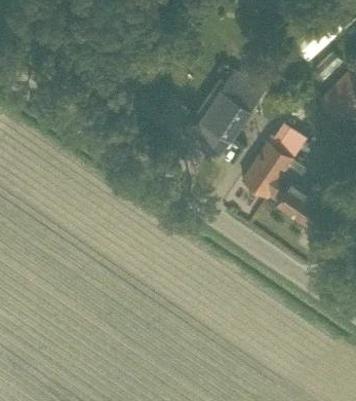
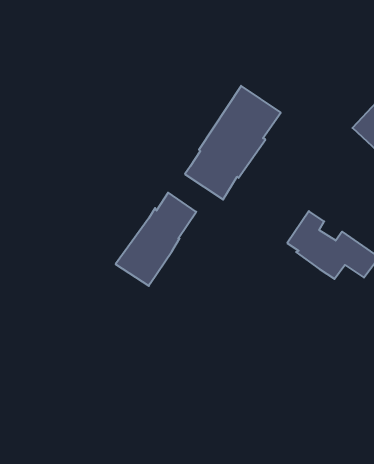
building: [239,124,304,199] -> [116,193,196,286]

